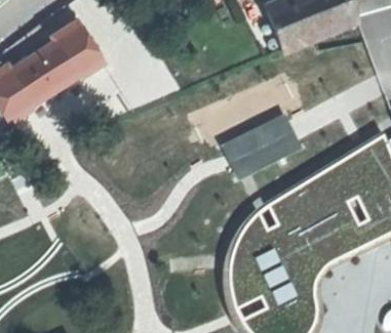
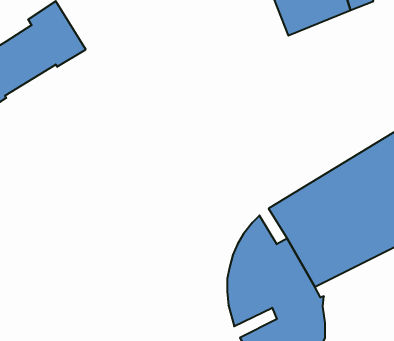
building: [223,113,302,179] -> none

